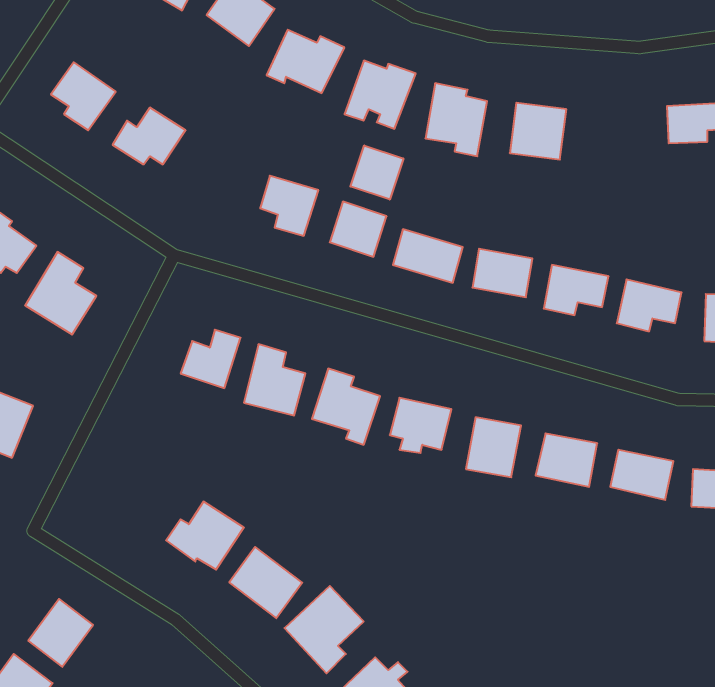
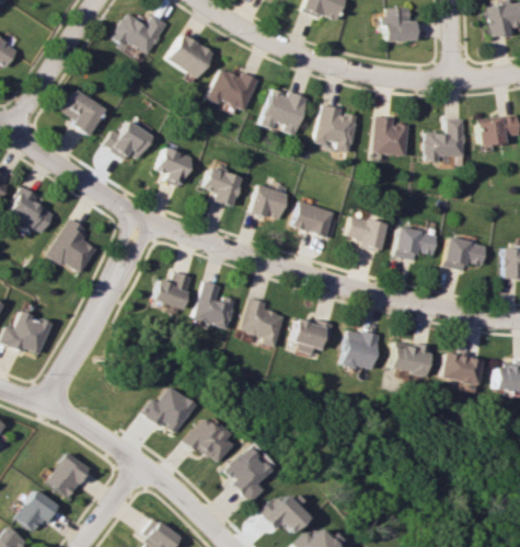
building: none -> [425,119,465,162]
building: [350,145,403,200] -> none
building: none -> [157,147,193,186]

